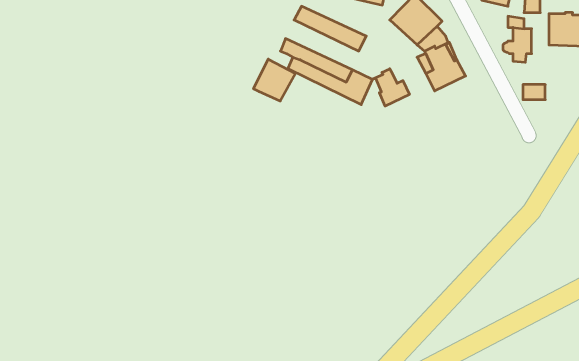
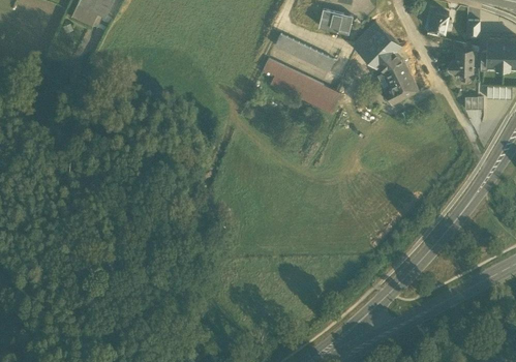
building: [254,59,296,101] -> none
building: [372,69,409,106] -> none

